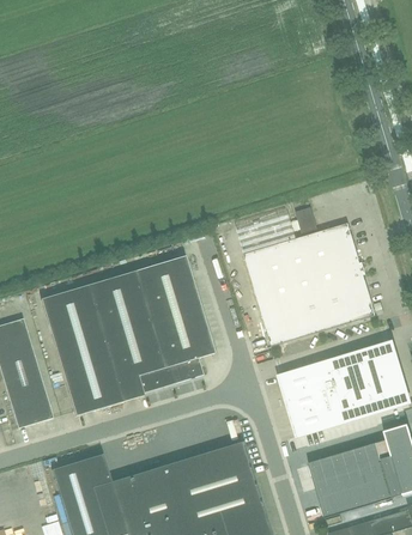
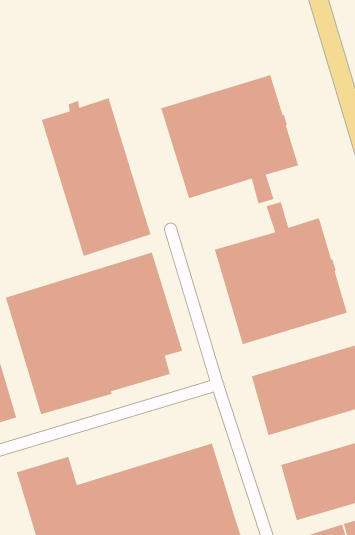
building: none -> [160,74,299,205]
building: none -> [41,97,151,257]

